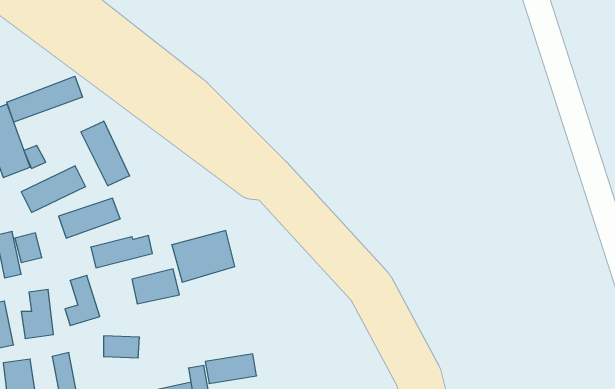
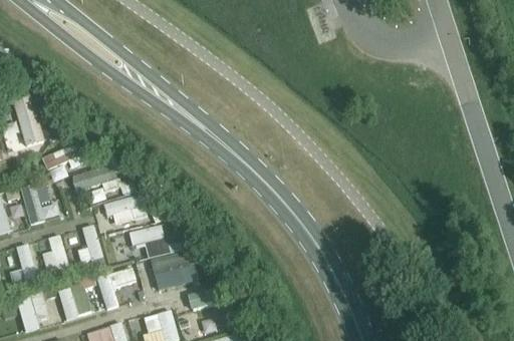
building: [7,76,82,122] -> none
building: [81,121,130,186] -> none
building: [172,231,235,282] -> [150,251,199,291]

